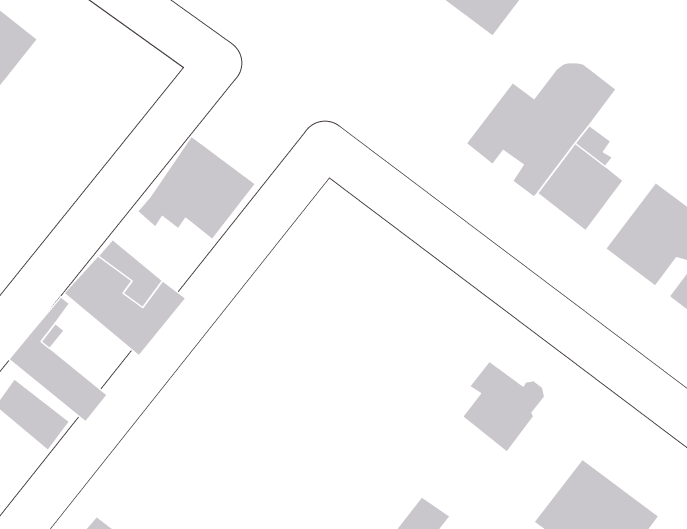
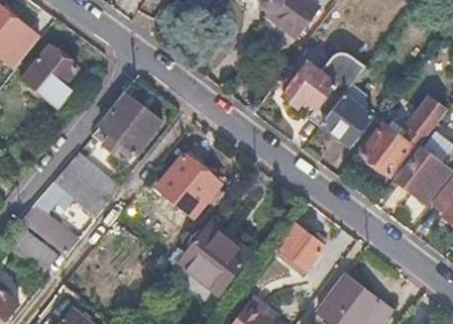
building: none -> [23,46,75,108]
building: none -> [159,154,217,212]
building: none -> [180,219,254,295]

